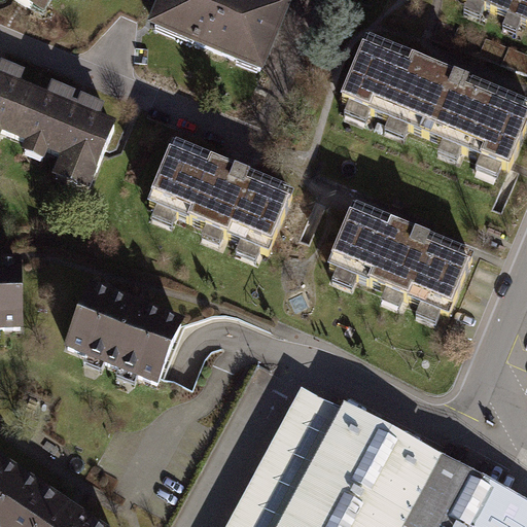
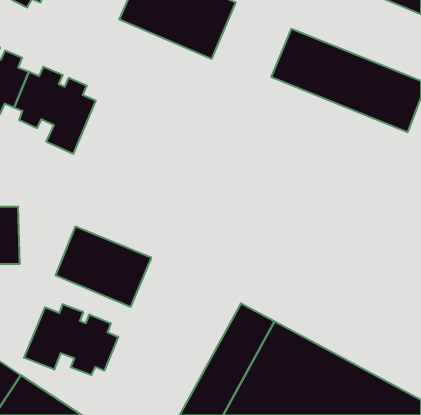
building: [145,142,289,249] -> none
building: [323,204,470,313] -> none
building: none -> [24,304,118,375]

